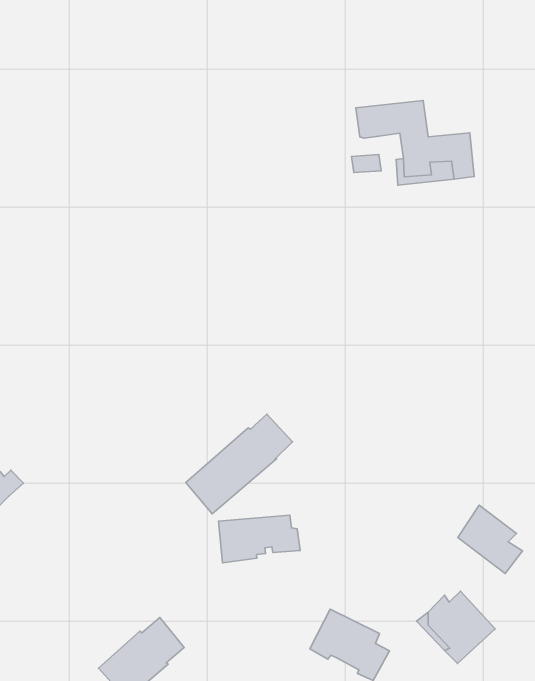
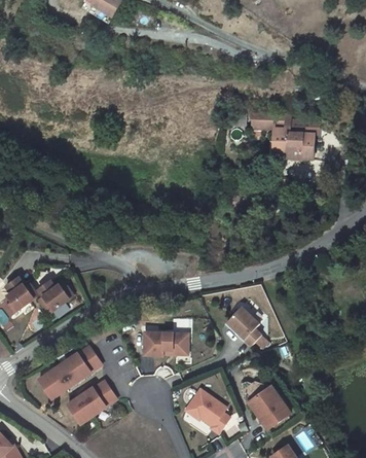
building: [186,414,293,514] -> [38,346,101,397]
building: none -> [36,279,73,313]
building: [458,505,522,574] -> [226,305,261,345]

